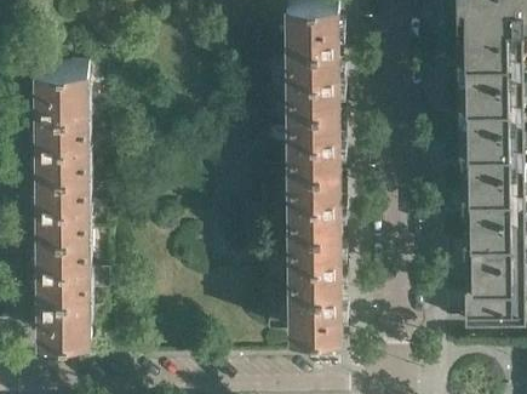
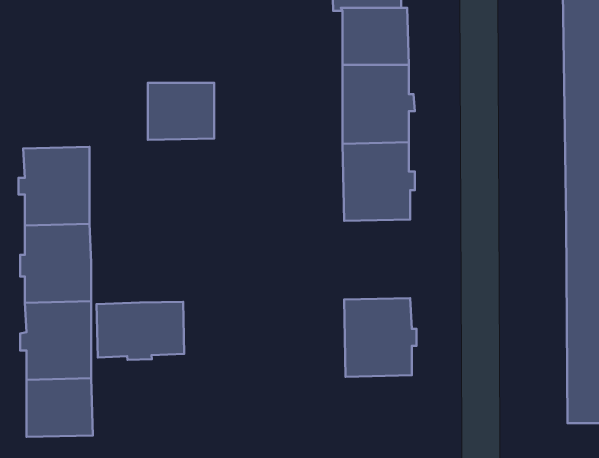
building: [36,76,88,121] -> [148,83,214,140]
building: [288,177,345,240] -> none
building: none -> [97,302,184,360]
building: [290,299,342,346] -> none

